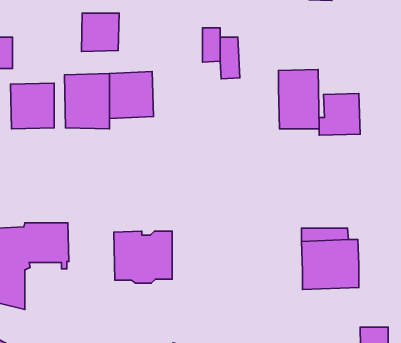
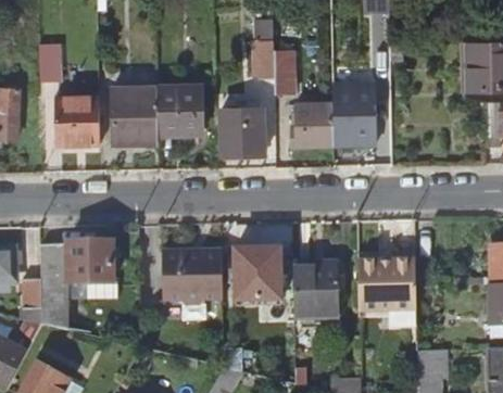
building: [81,13,119,51] -> none
building: [319,93,360,135] -> [292,102,335,145]
building: none -> [222,109,264,153]
building: none -> [236,250,280,297]
building: none -> [293,259,339,319]

